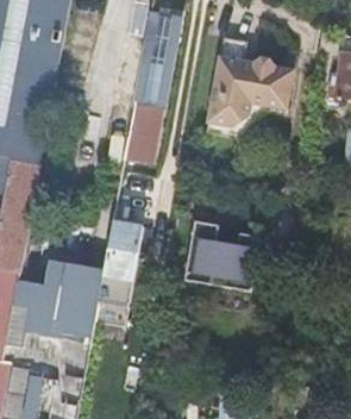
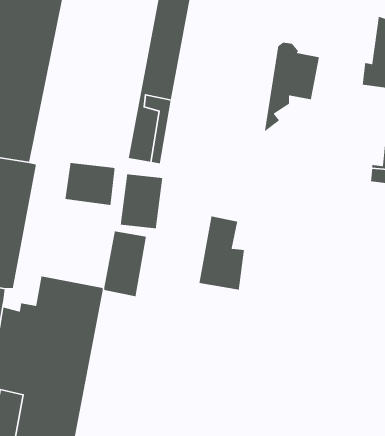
building: [206,36,255,138] -> none
building: none -> [65,162,115,206]
building: [221,220,261,279] -> none

